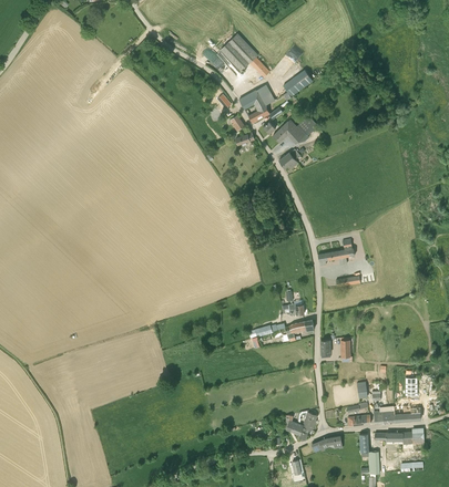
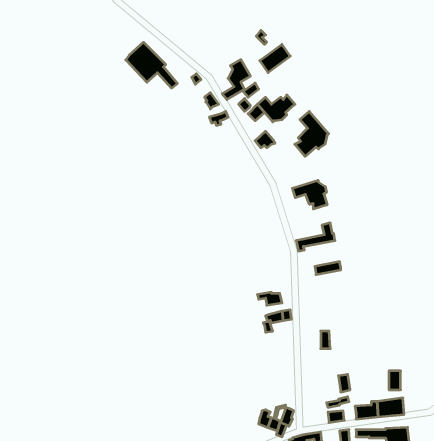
building: [220,33,268,76] -> [126,42,177,88]
building: none -> [295,111,329,156]
building: none -> [292,180,327,209]

